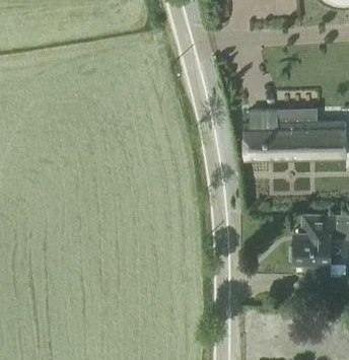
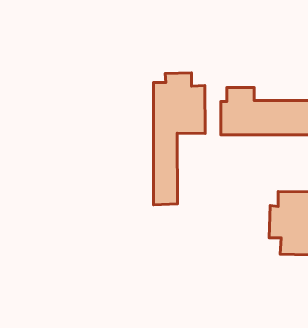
building: none -> [153,73,205,205]

